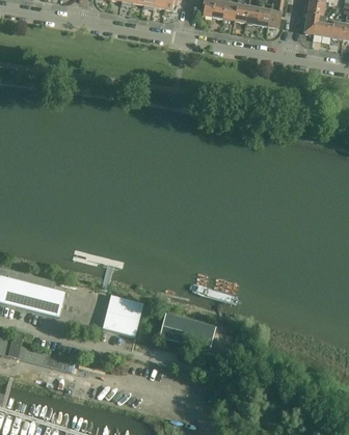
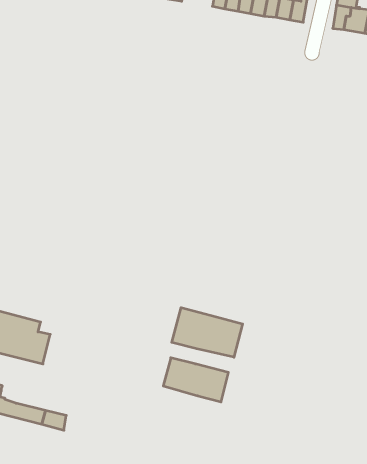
building: none -> [172,308,243,357]
building: [102,295,142,336] -> none

